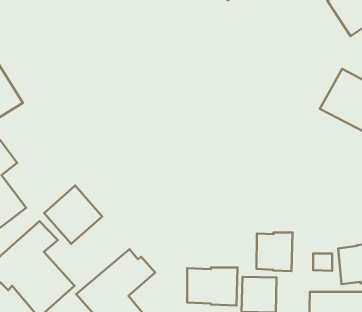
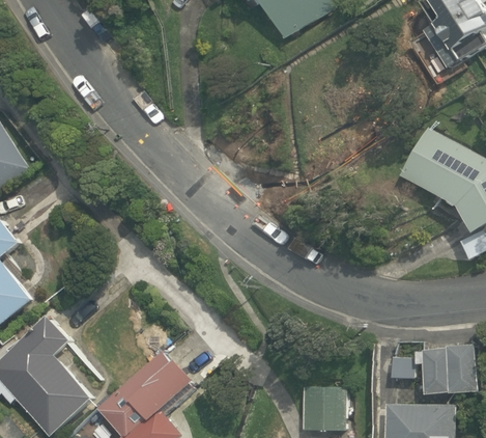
building: [44,186,102,244] -> none
building: [256,232,292,271] -> none
building: [187,268,237,305] -> none

